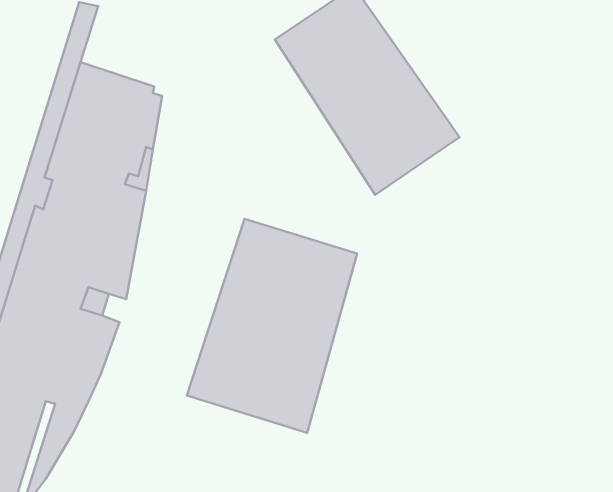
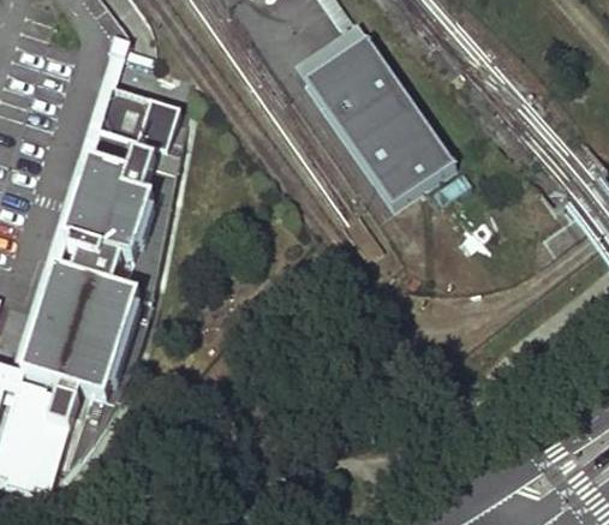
building: [187,219,357,433] -> none

